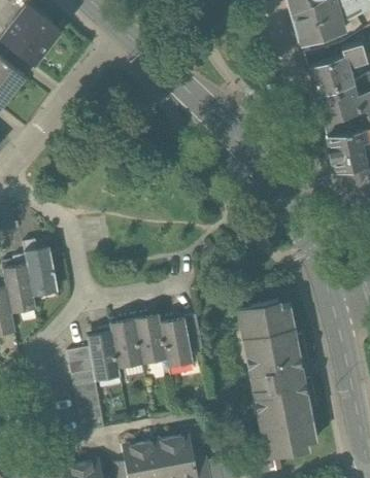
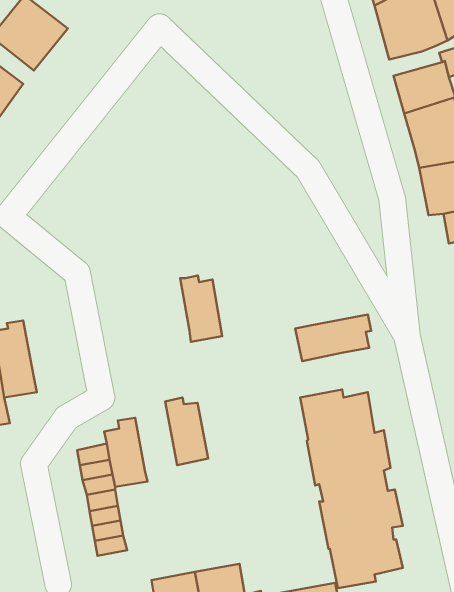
building: [24,240,60,297] -> none
building: none -> [295,315,371,361]
building: [110,315,143,368] -> none
building: [160,316,192,367] -> [180,275,222,342]

